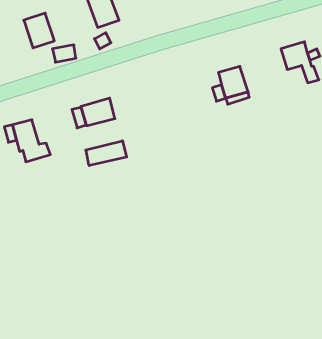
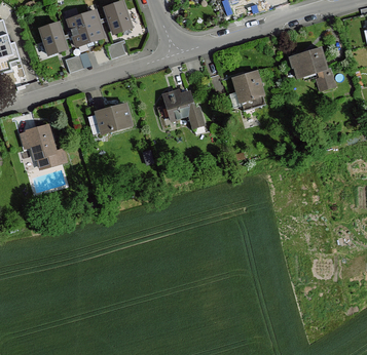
building: none -> [68,11,103,45]
building: none -> [163,90,201,126]
building: [86,141,127,166] -> none

